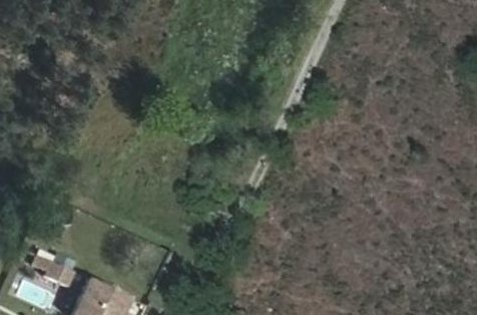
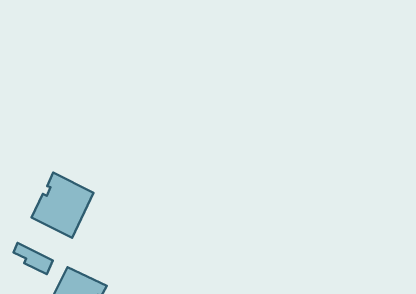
building: none -> [32,173,94,238]

